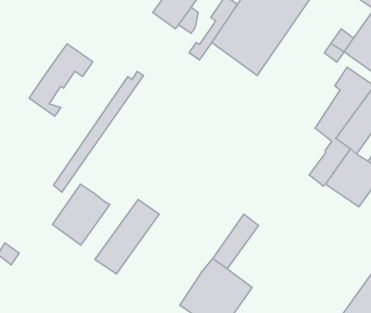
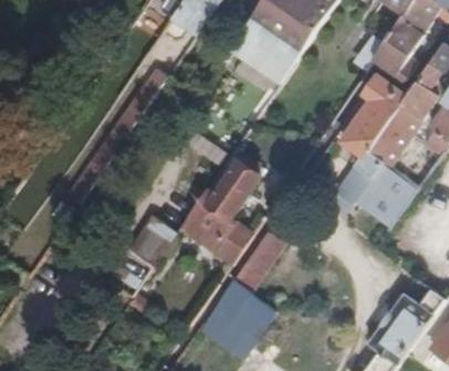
building: [29,44,93,116] -> none
building: none -> [185,155,264,257]
building: [53,184,110,245] -> none

